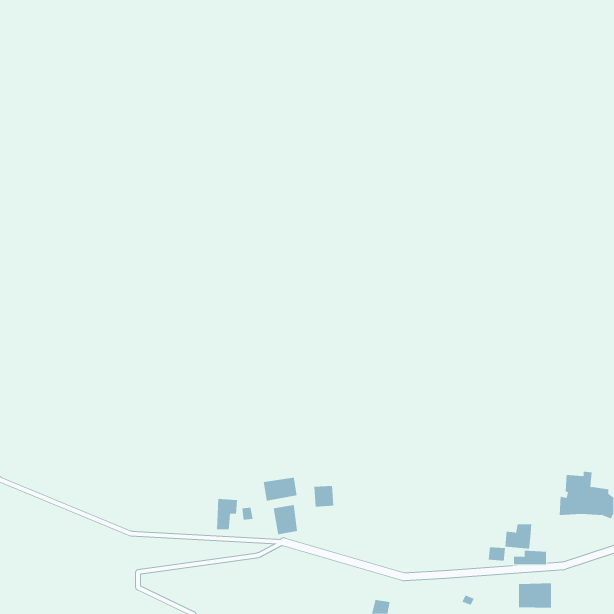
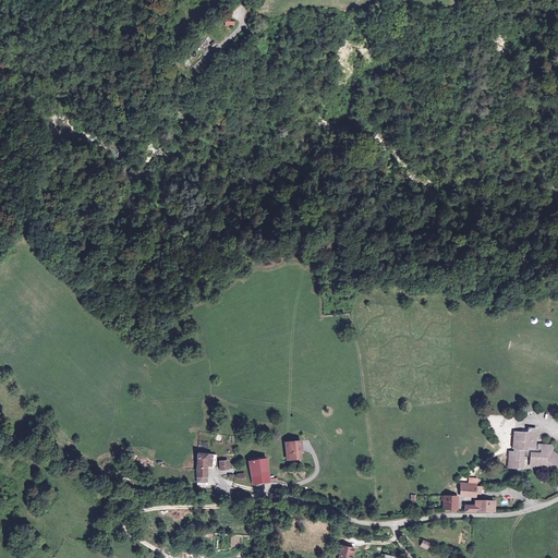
building: [263,477,297,502] -> none
building: [518,582,551,608] -> none

